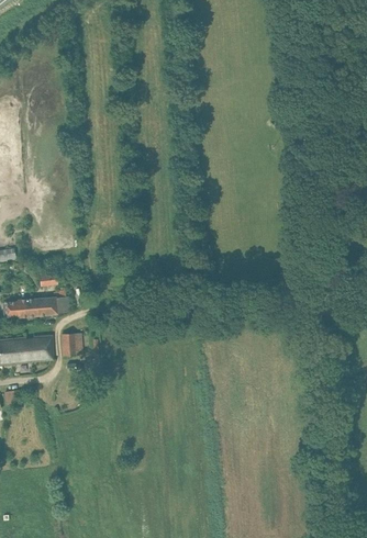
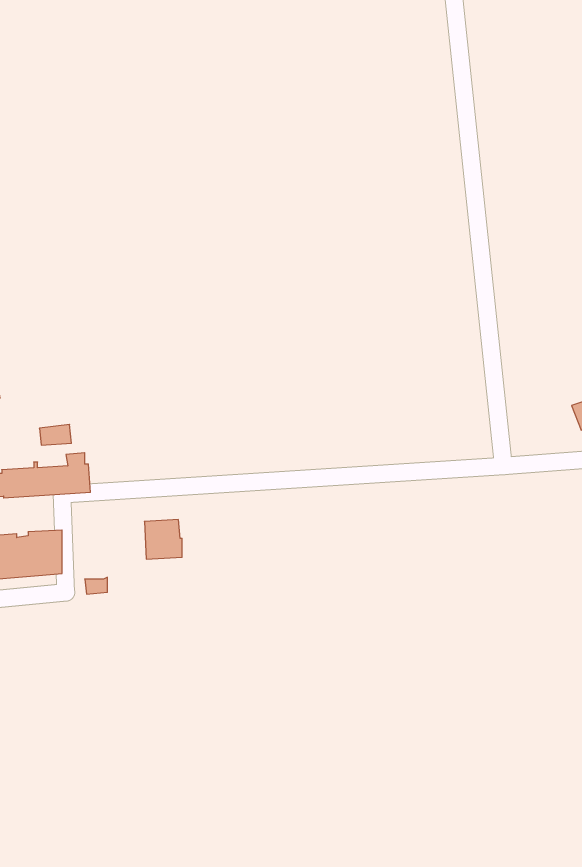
building: [62,333,84,356] -> [144,520,182,559]

